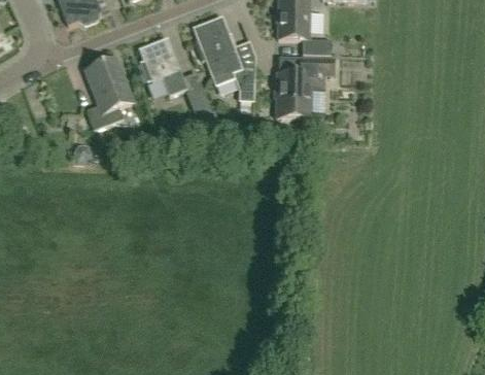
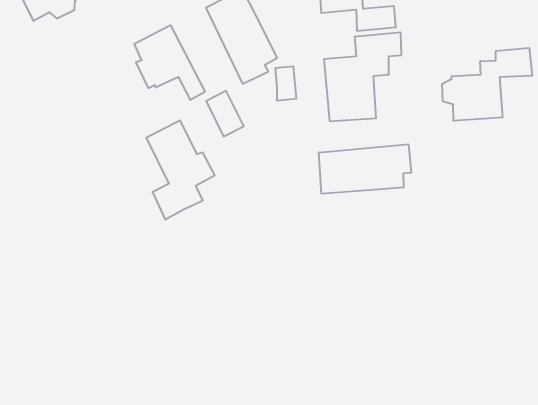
building: [85,58,133,129] -> [146,120,215,219]
building: none -> [442,48,532,121]
building: none -> [319,144,411,194]

